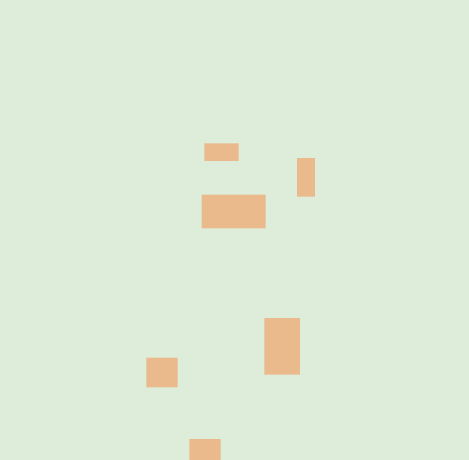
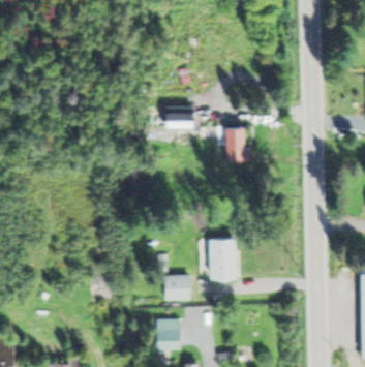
building: [201,194,266,229] -> none
building: [146,357,179,388] -> [164,279,187,301]

